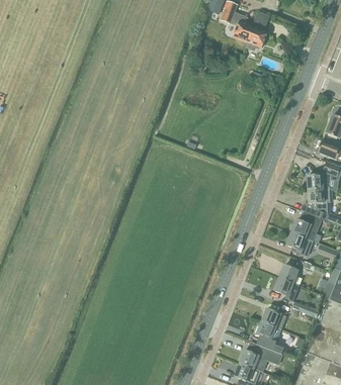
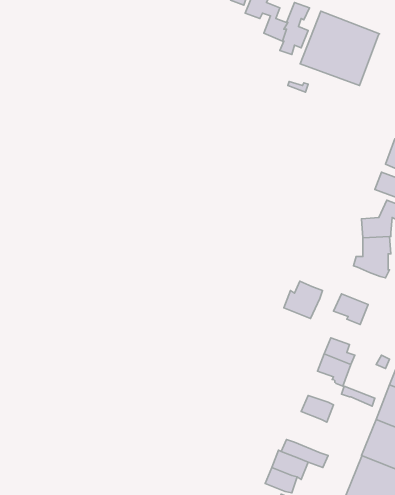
building: none -> [300,11,379,85]
building: [292,211,322,239] -> [284,281,323,319]
building: [257,320,284,354] -> none

